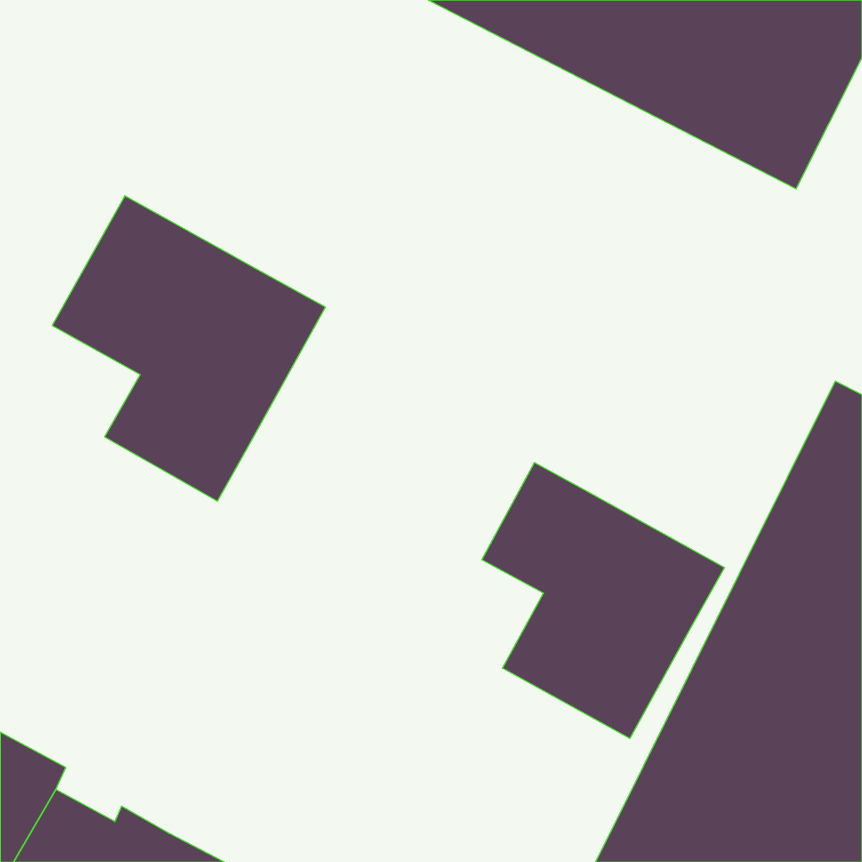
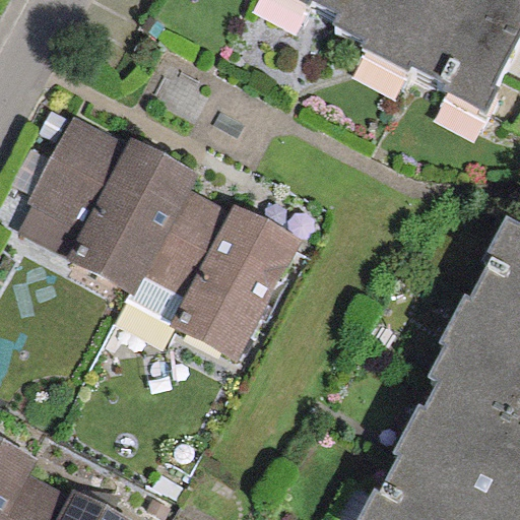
building: none -> [149,185,299,367]
building: [482,463,725,738] -> none

